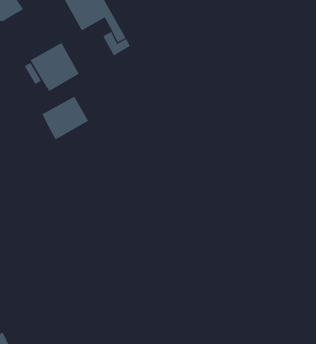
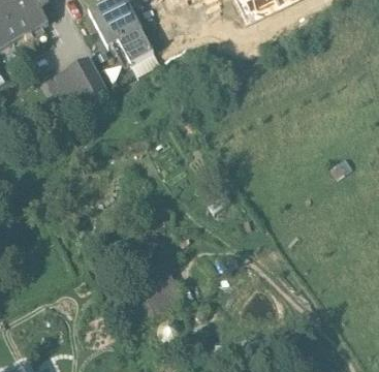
building: [42,96,89,140] -> none

